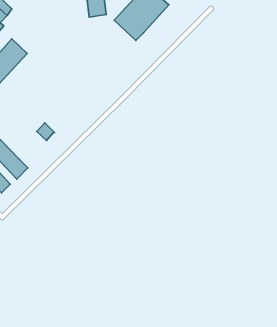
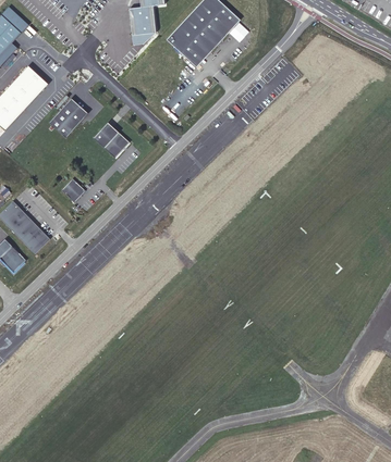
building: none -> [48,98,87,138]
building: none -> [93,123,129,159]

